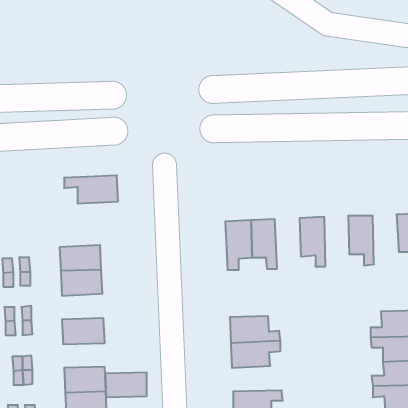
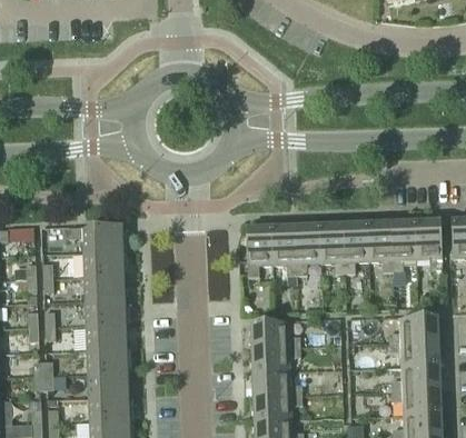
building: [64,175,118,204] -> [69,225,122,252]
building: none -> [391,220,417,269]
building: none -> [344,221,368,271]
building: none -> [295,223,320,273]
building: none -> [85,298,126,323]
building: none -> [252,369,301,395]
building: [105,372,147,397] -> [86,347,127,371]

